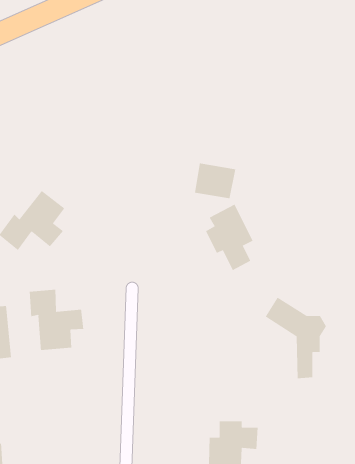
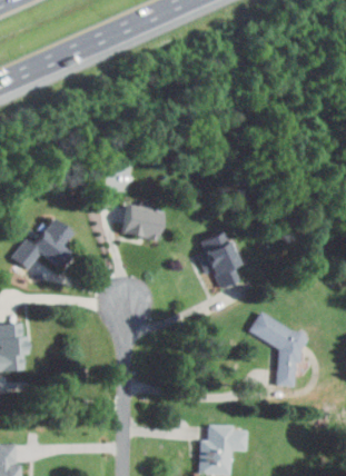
building: [194,163,236,199] -> [126,207,164,239]
building: [29,289,84,351] -> none

